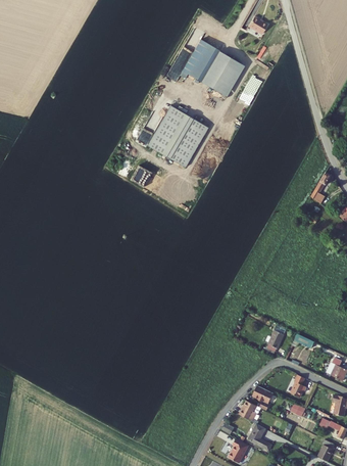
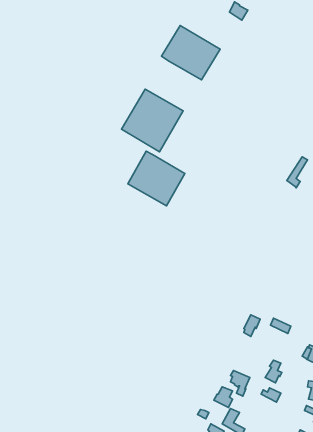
building: none -> [128,151,185,206]

